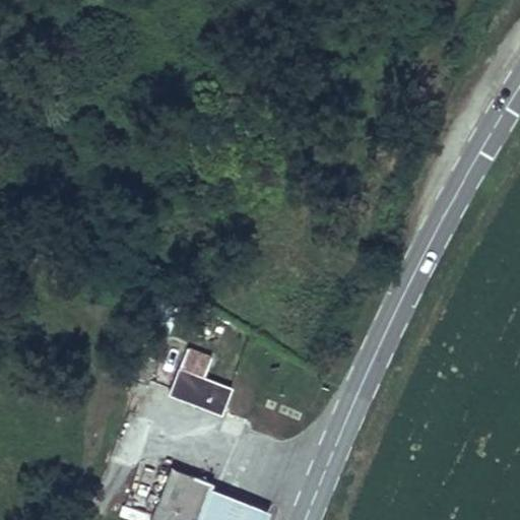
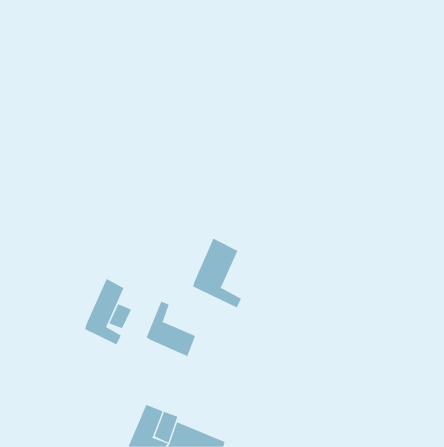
building: none -> [192,238,242,308]
building: none -> [84,278,124,345]

